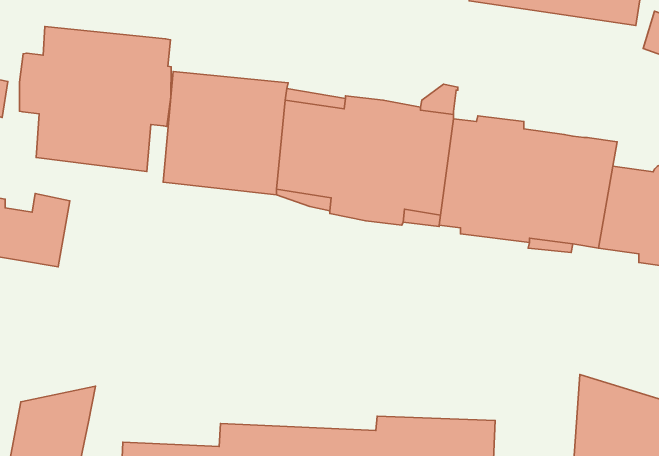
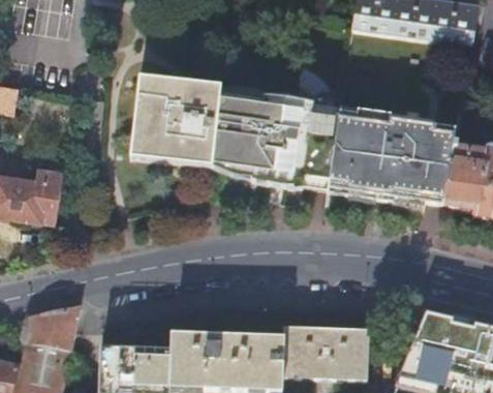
building: [19,26,171,172] -> none

